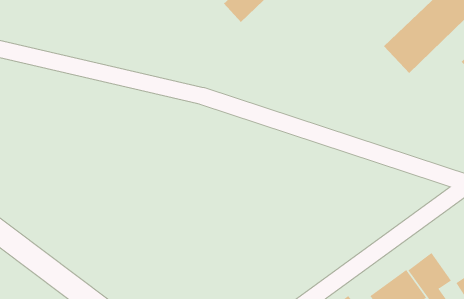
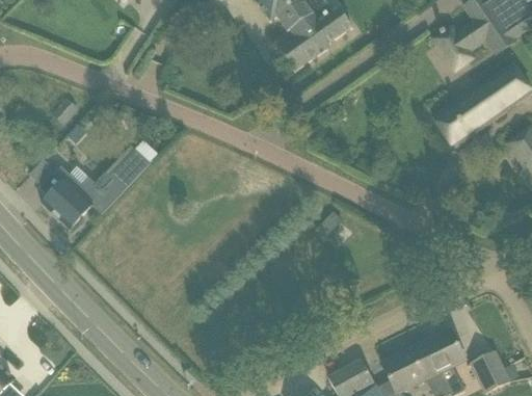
building: none -> [39,150,149,230]

